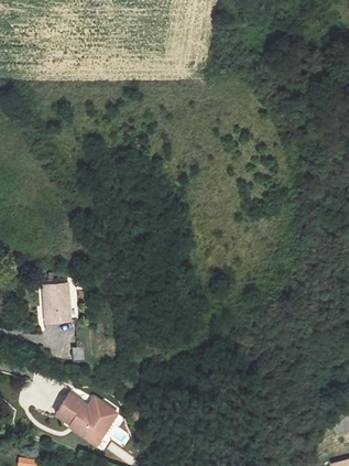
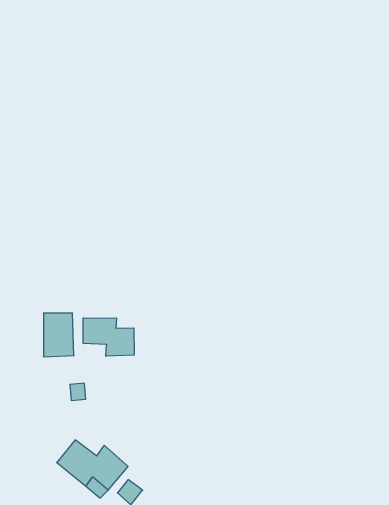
building: none -> [83,318,134,356]

